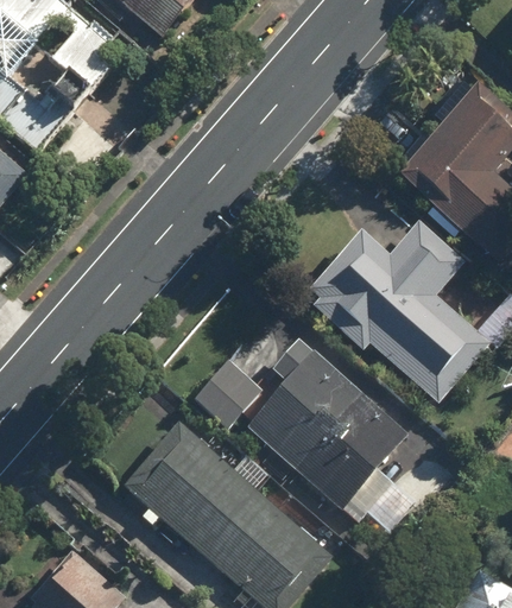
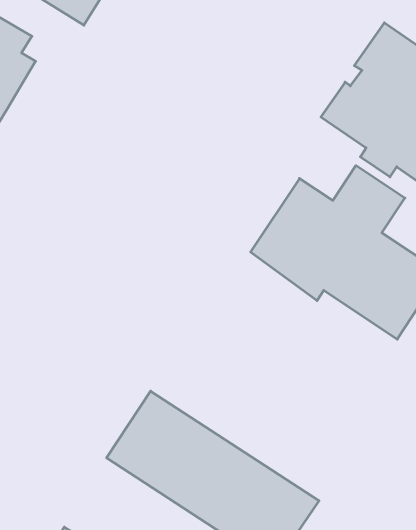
building: [194,340,409,519] -> none

